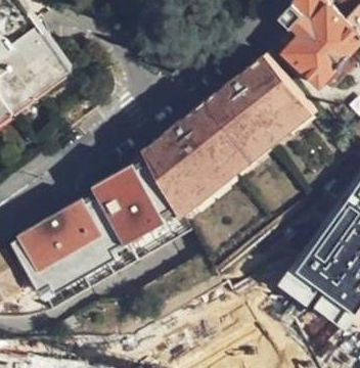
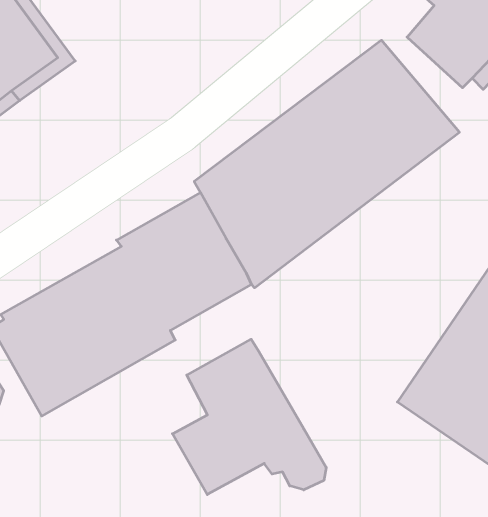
building: none -> [172,339,326,495]

